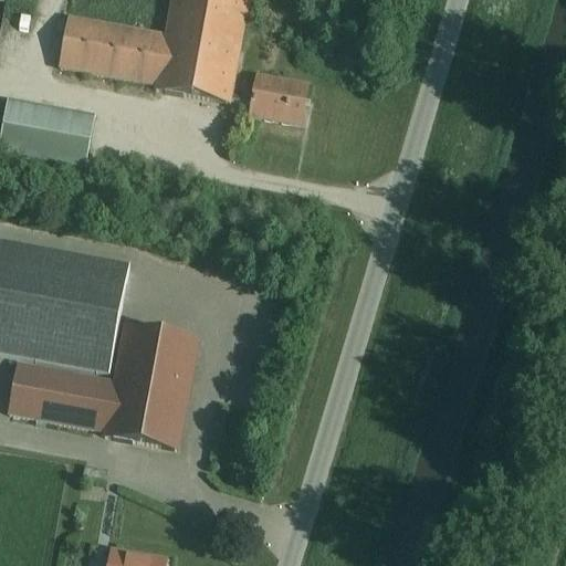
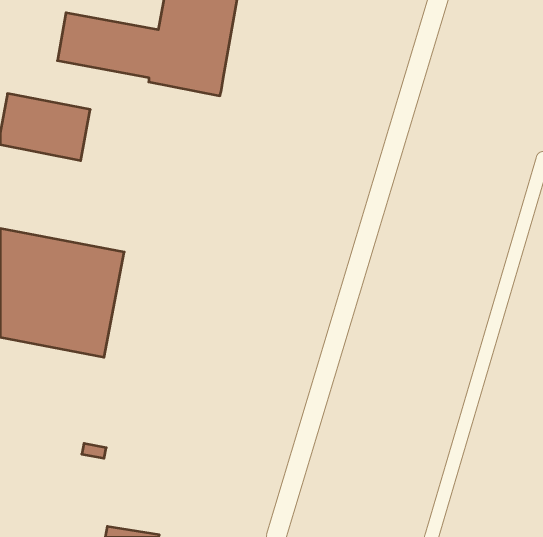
building: [230,72,308,122] -> none
building: [9,324,199,447] -> none

